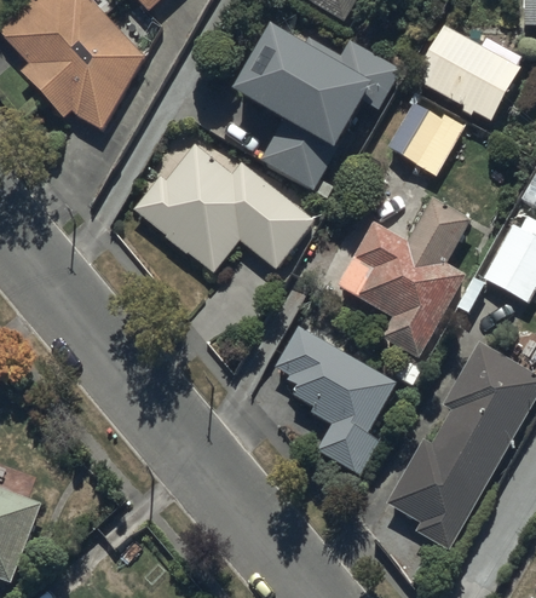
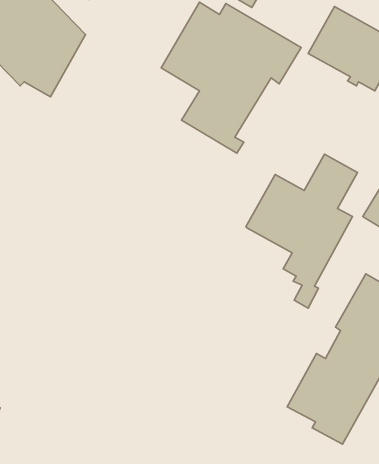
building: [386,99,463,174] -> none
building: [132,143,315,274] -> none
building: [275,326,397,475] -> none

